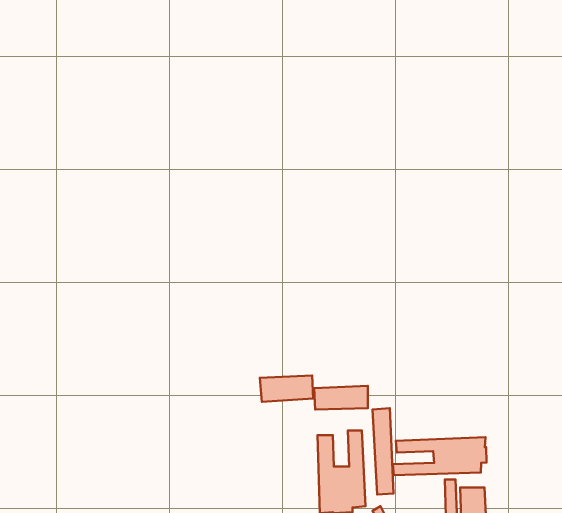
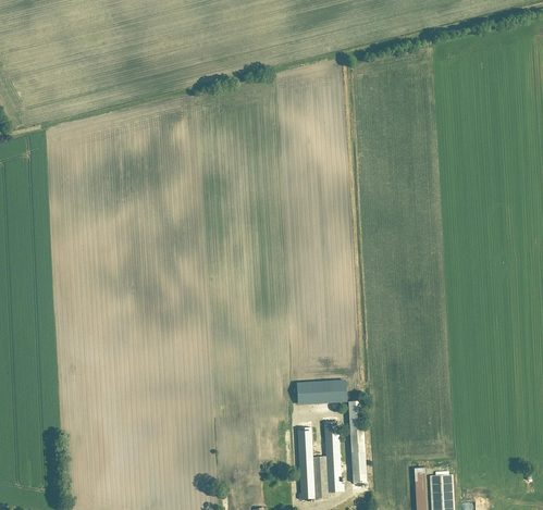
building: [260,376,313,402] -> none
building: [393,437,486,475] -> none

